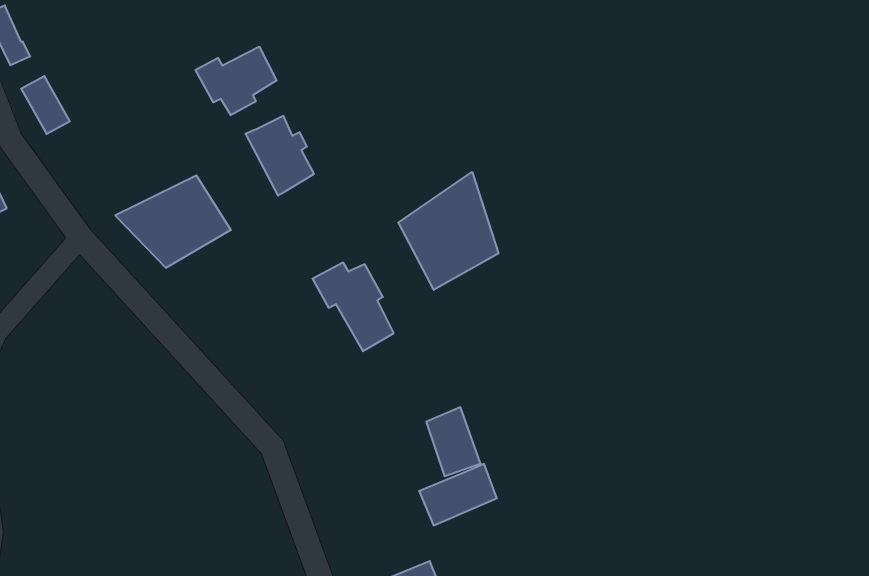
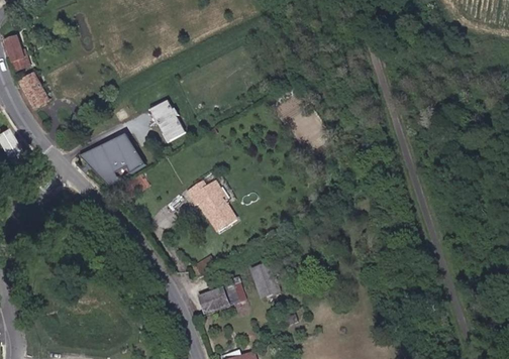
building: [195,47,277,115] -> none
building: [398,172,498,290] -> none
building: [419,464,497,525] -> [198,281,241,316]

